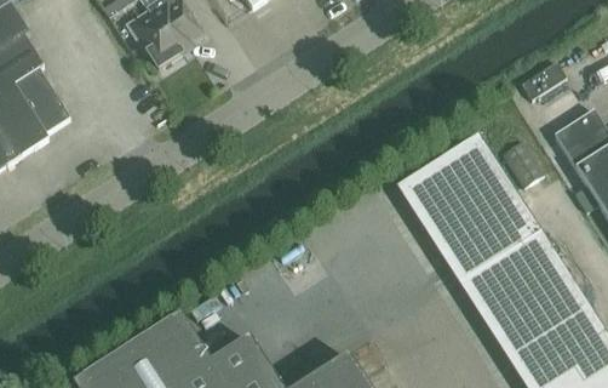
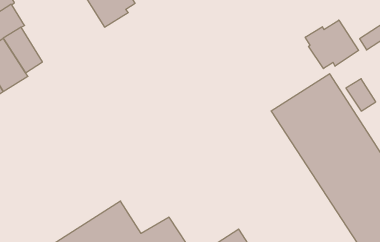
building: none -> [305,20,359,69]

